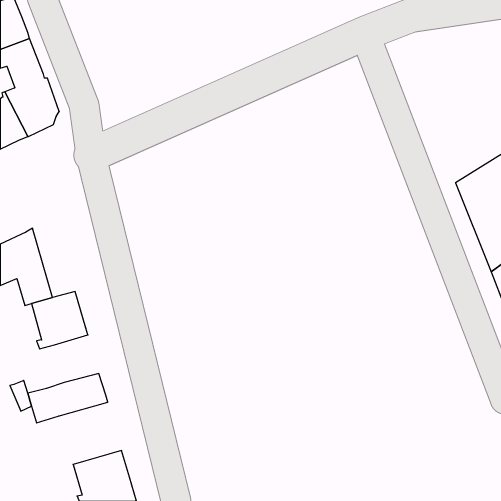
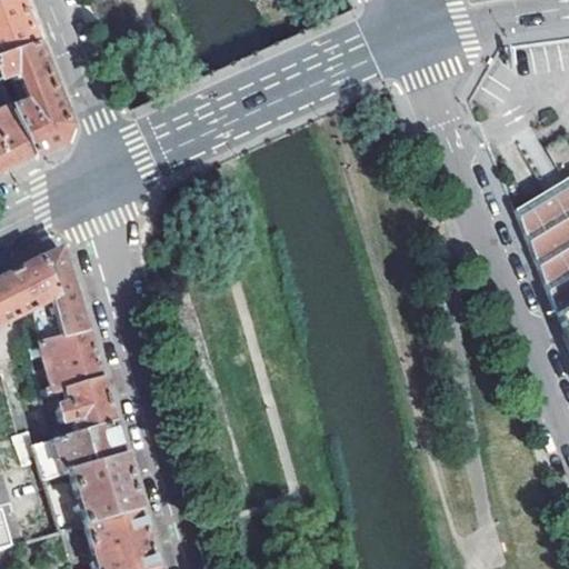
building: none -> [41,247,89,335]
building: none -> [57,377,116,430]
building: none -> [70,452,141,522]

